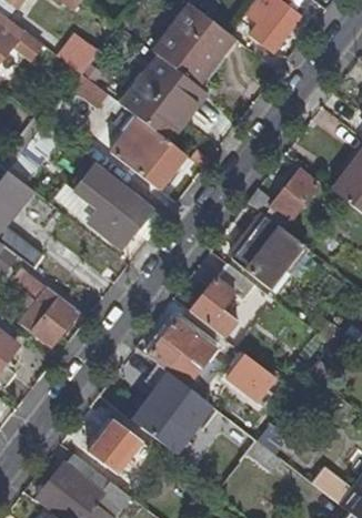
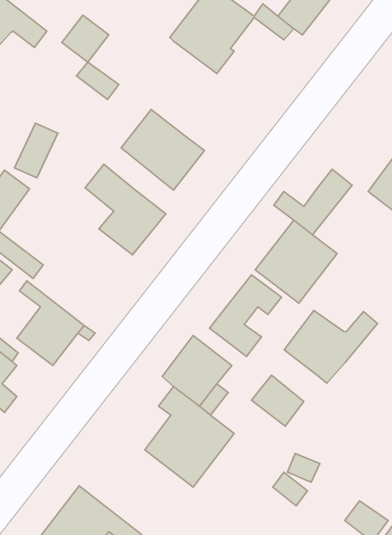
building: [120,55,205,140] -> none
building: none -> [284,310,377,383]
building: [89,420,151,474] -> none

